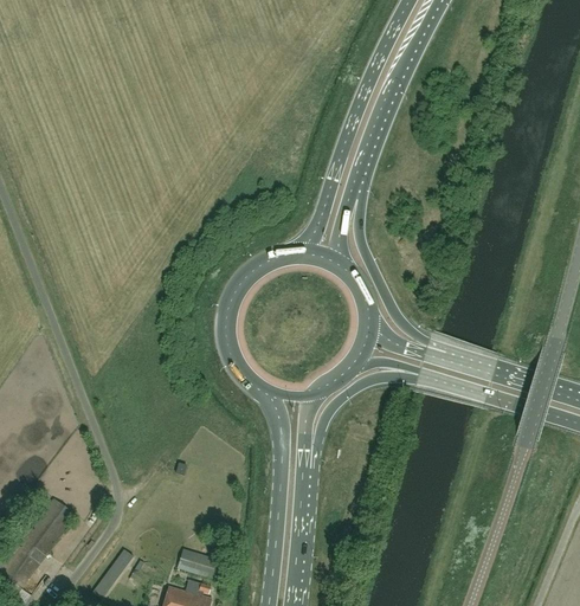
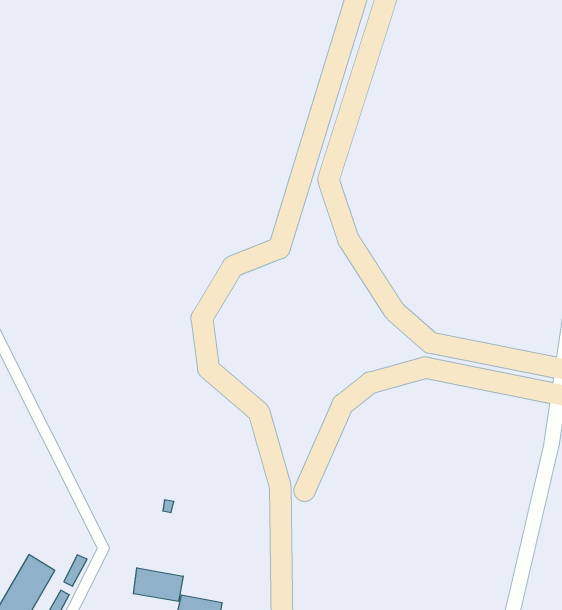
building: none -> [133,568,183,601]

